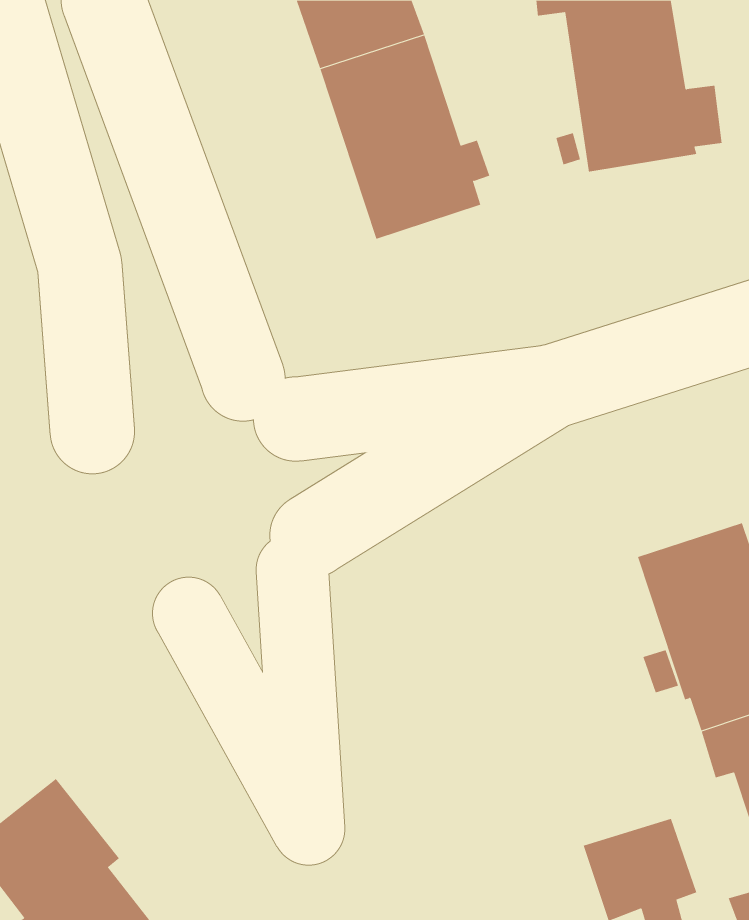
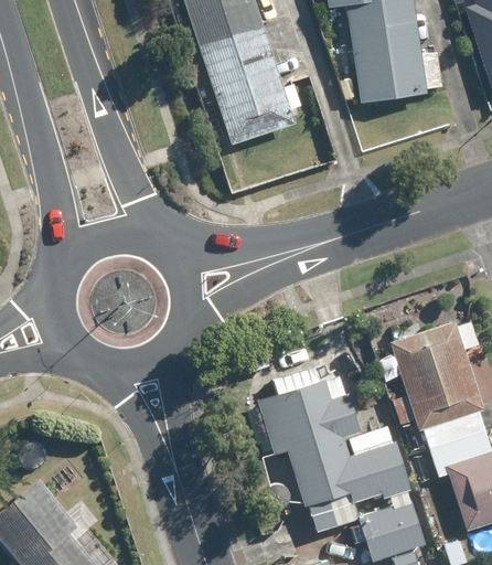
building: none -> [259,380,409,503]

